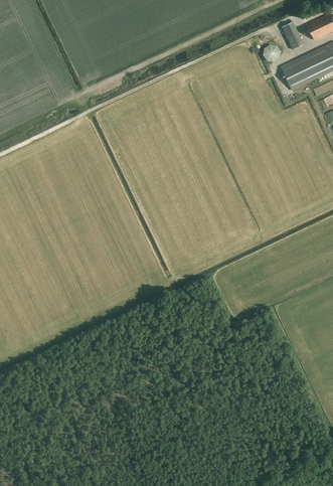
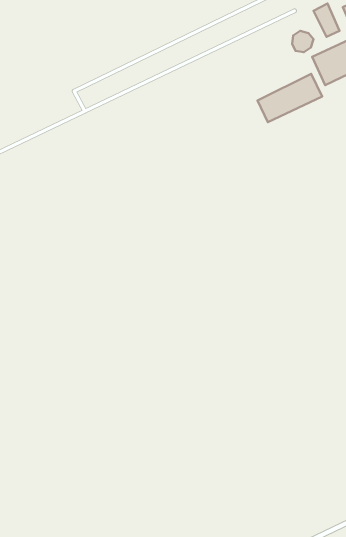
building: none -> [257,74,322,122]

